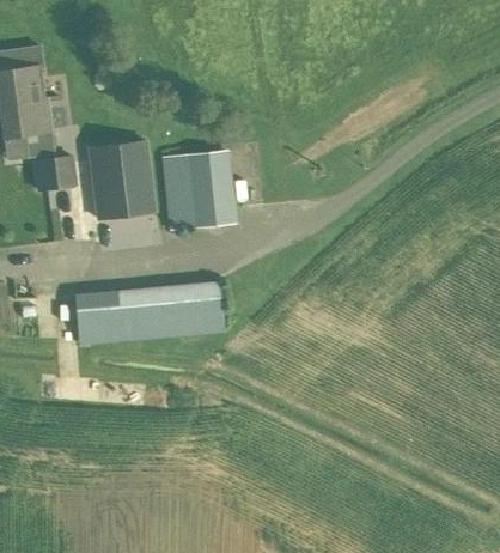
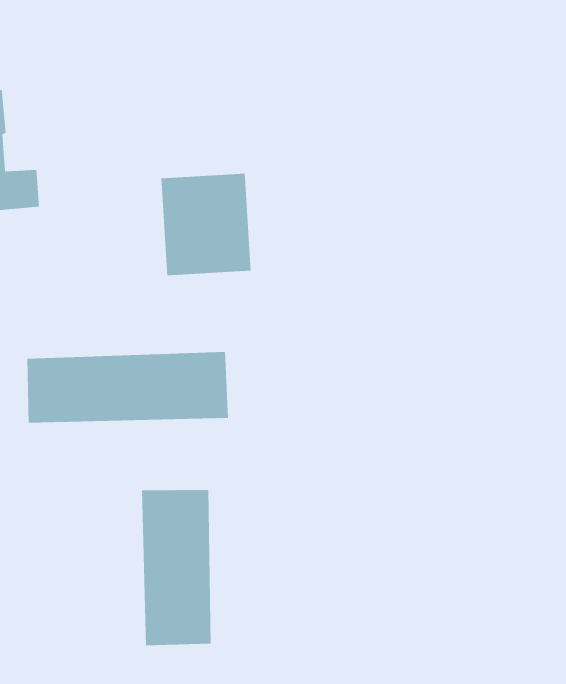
building: [90,140,157,219] -> none
building: none -> [141,489,211,646]

